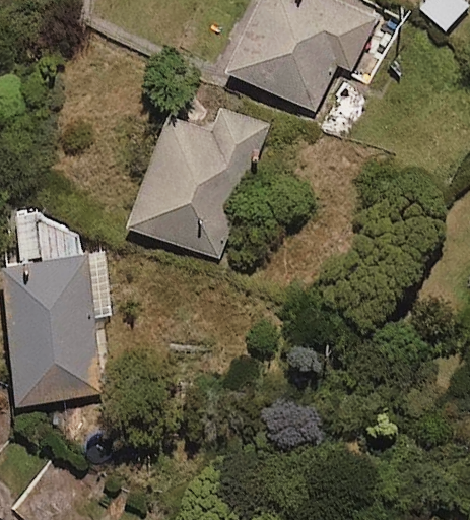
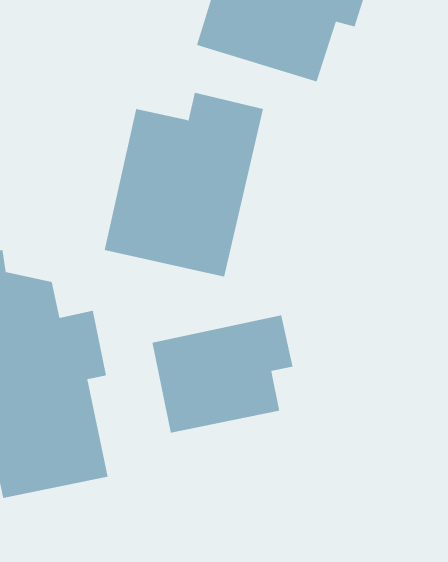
building: none -> [152,315,293,433]

